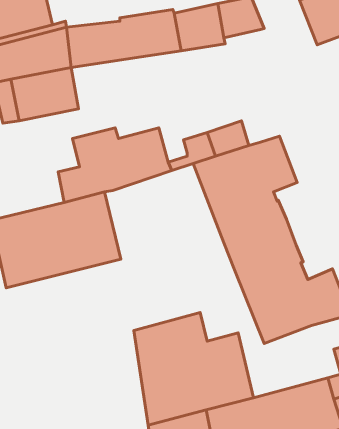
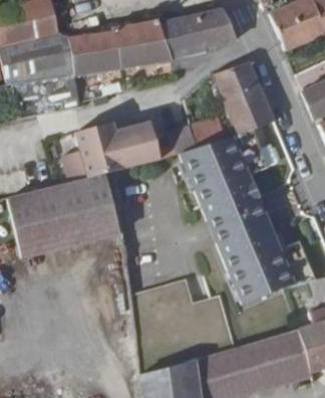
building: none -> [218,62,273,133]

